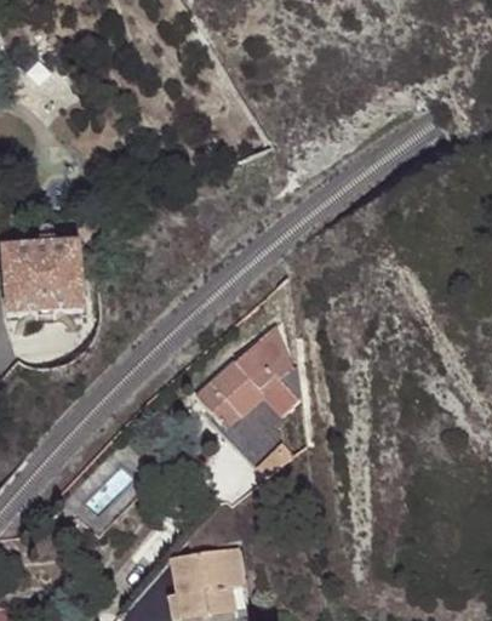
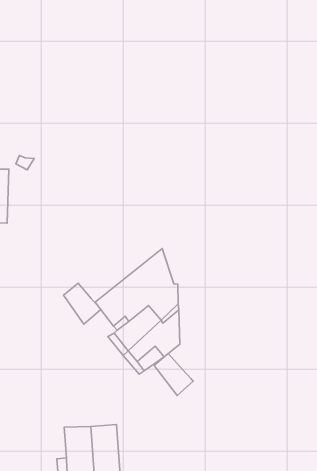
building: none -> [63,283,101,324]
building: none -> [154,354,193,396]

